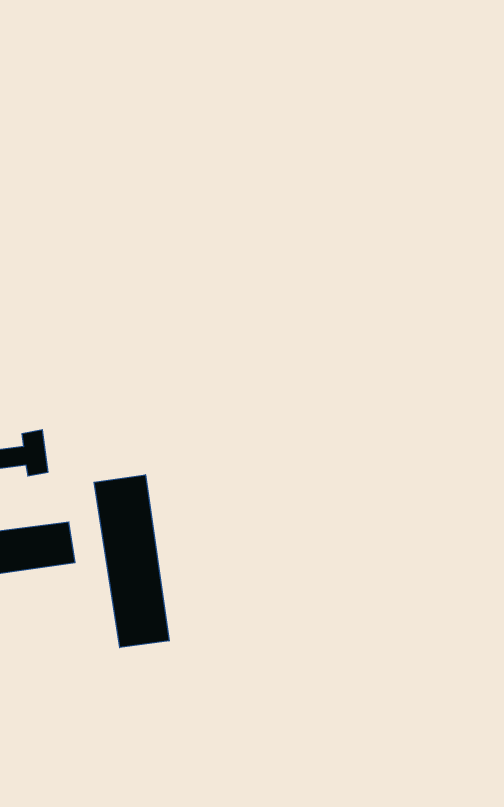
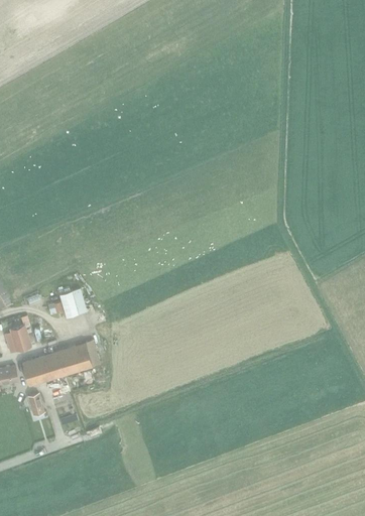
building: [94,475,169,648] -> none

